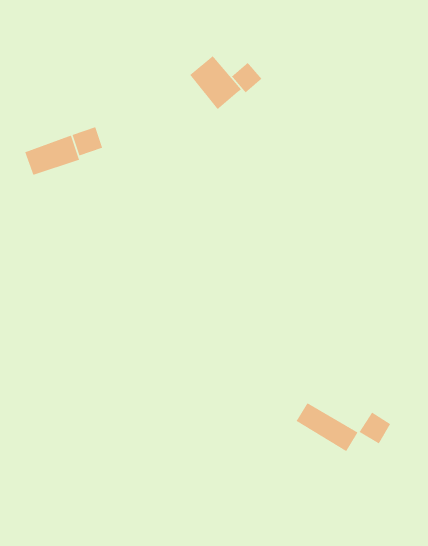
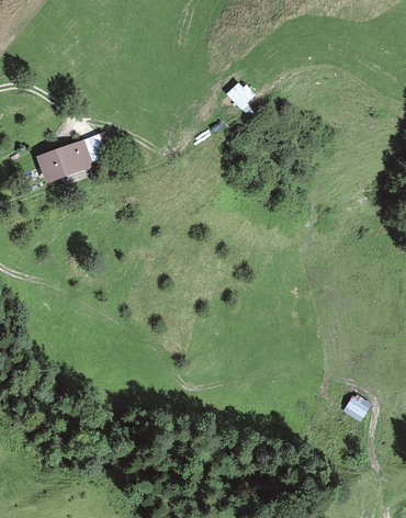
building: [189,55,242,110] -> none
building: [296,402,358,452] -> none

